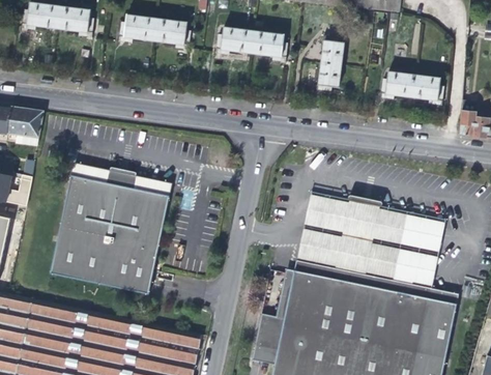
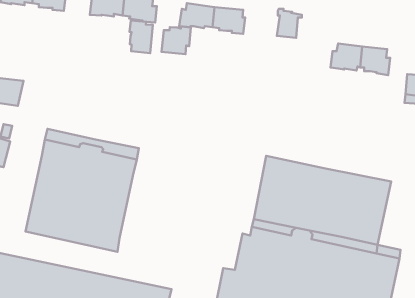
building: none -> [130,20,153,53]
building: none -> [162,26,191,54]
building: [316,63,343,92] -> none

